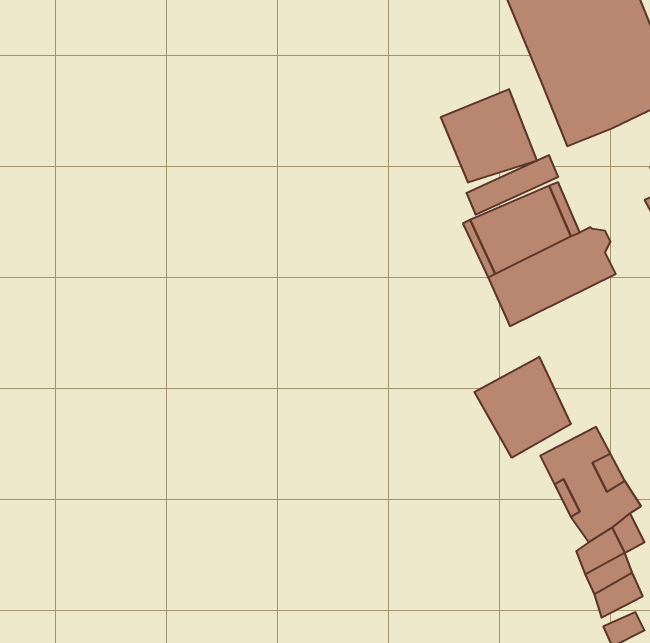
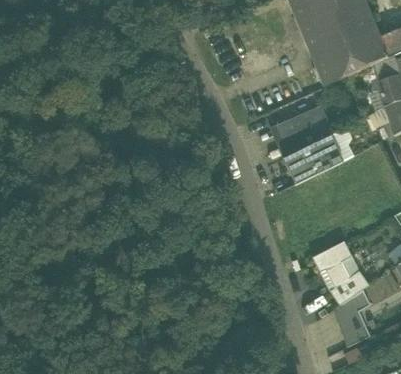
building: [441,89,537,183] -> none
building: [474,357,571,458] -> none

